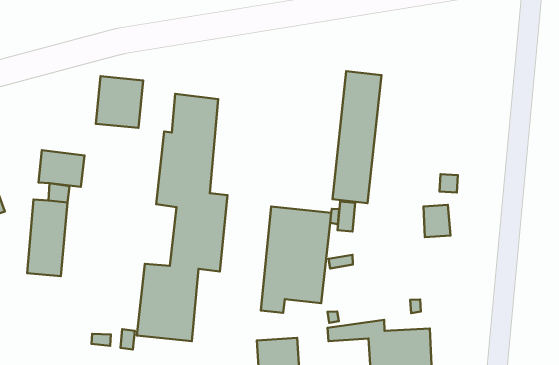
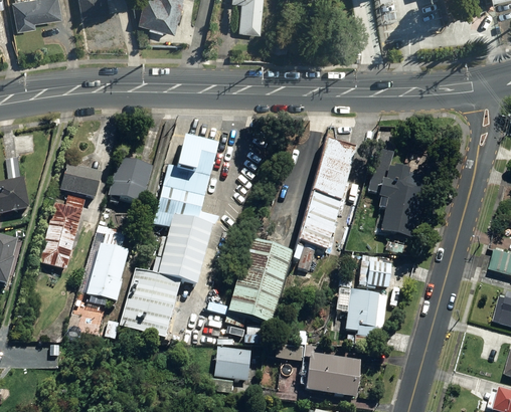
building: none -> [370,147,427,235]
building: [96,76,143,128] -> [108,156,152,203]
building: none -> [87,232,128,300]
building: none -> [344,288,379,336]

